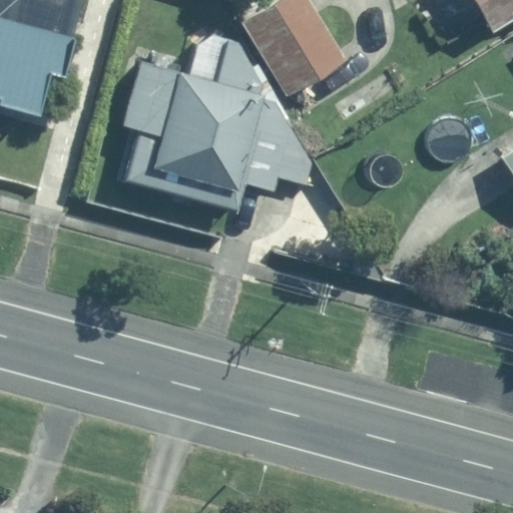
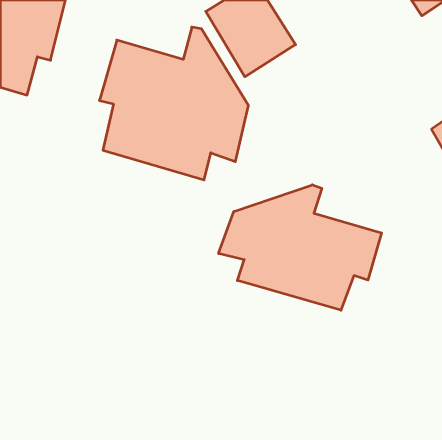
building: none -> [219,185,382,310]

